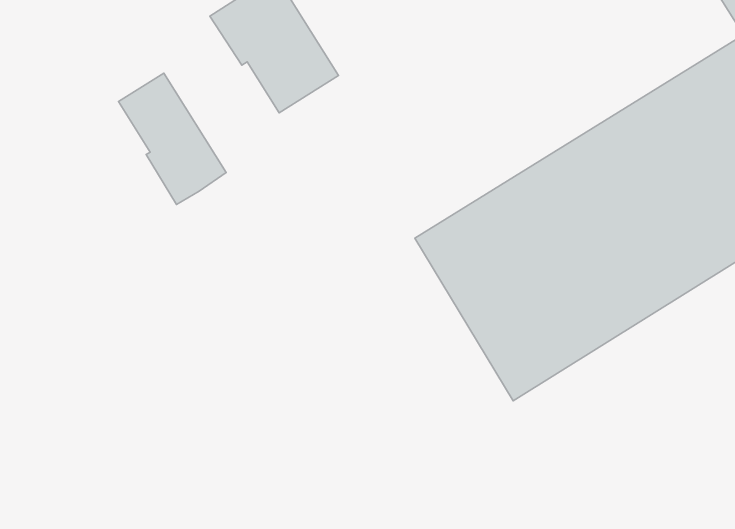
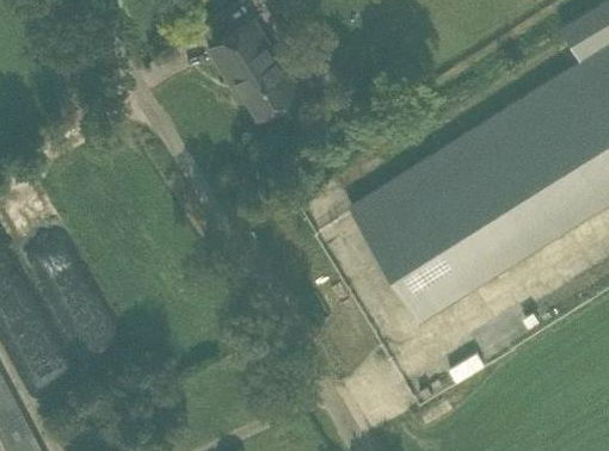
building: [119,73,226,205] -> none

